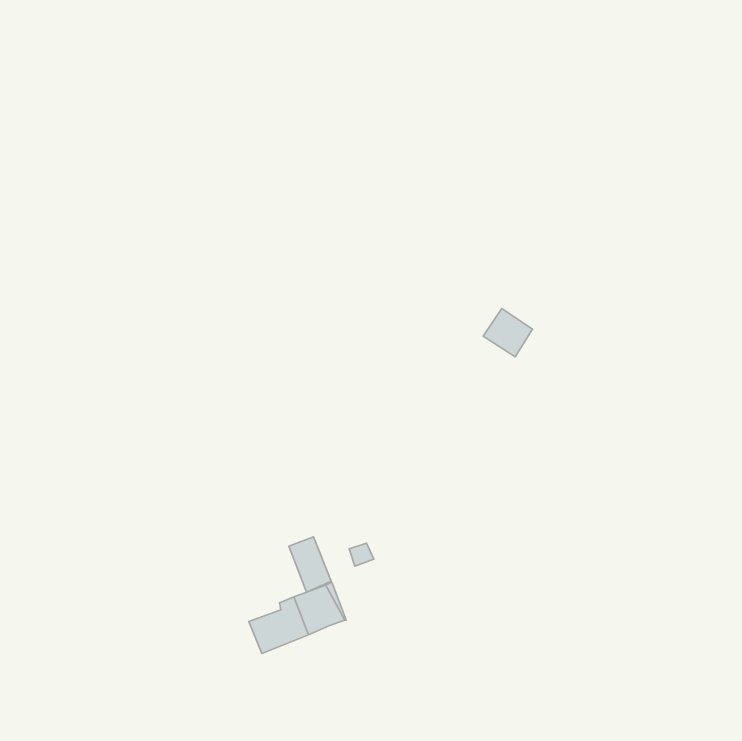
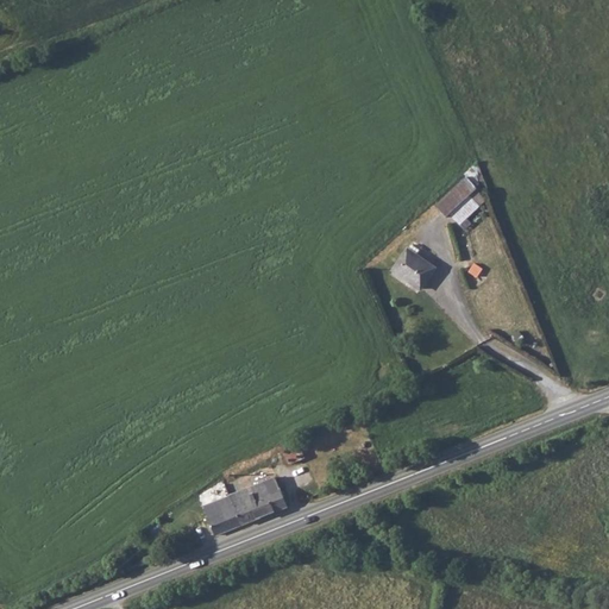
building: none -> [437,176,477,218]
building: [289,537,331,592] -> none

